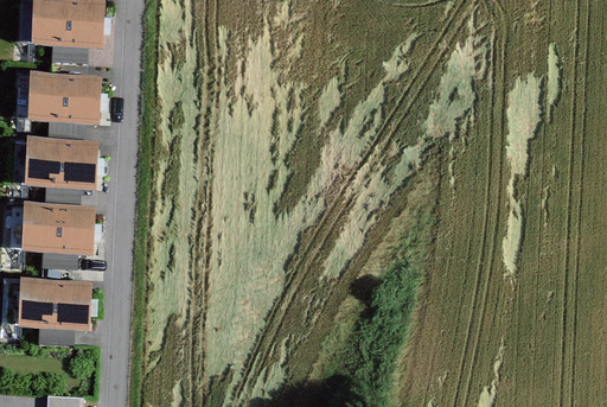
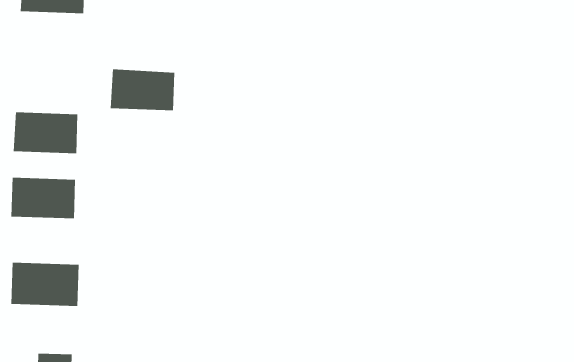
building: [27,76,94,119] -> [110,69,175,111]

